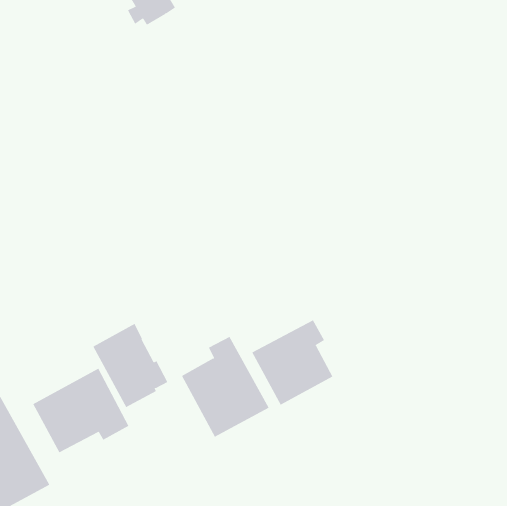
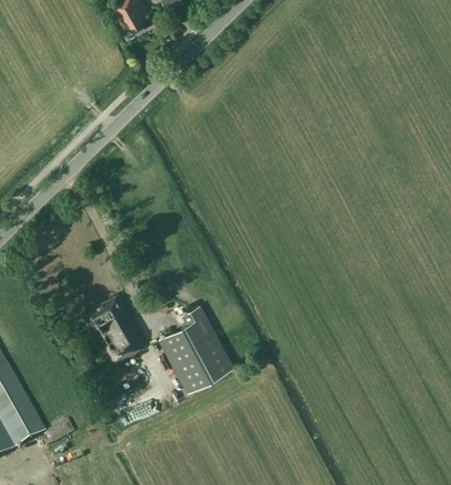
building: [251,319,333,405] -> none
building: [32,368,129,453] -> none

